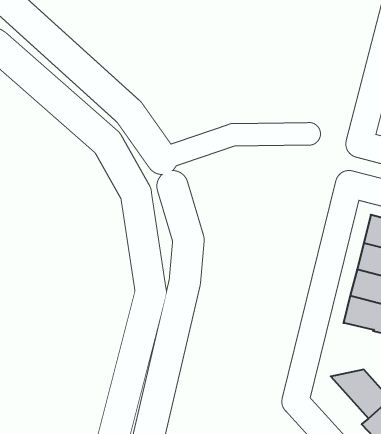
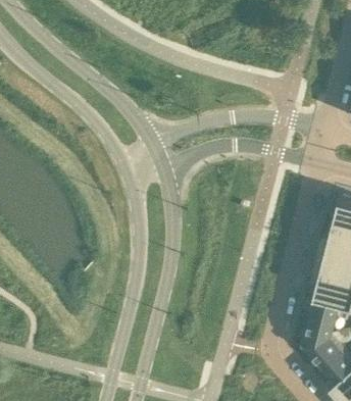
building: none -> [300,296,339,344]

